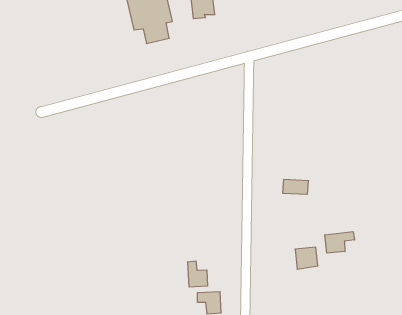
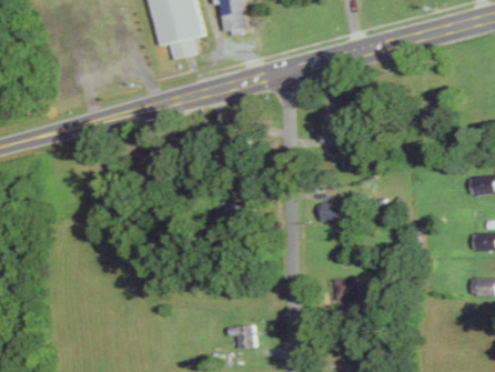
building: [325,232,355,253] -> none
building: [188,261,207,287] -> none

